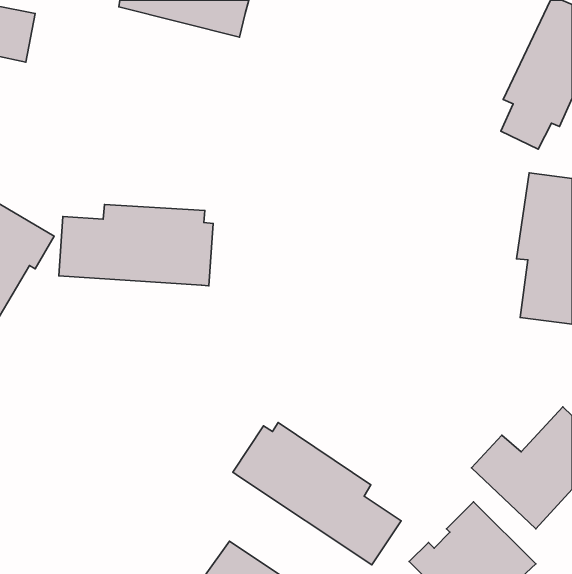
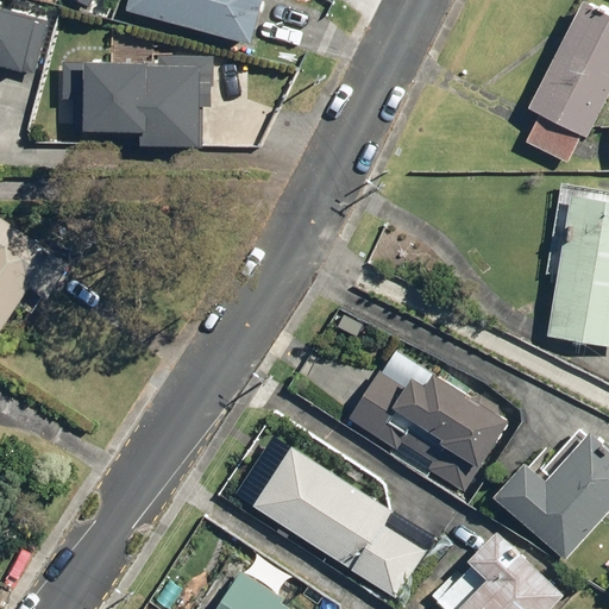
building: none -> [49,61,212,136]
building: [59,204,213,286] -> none
building: none -> [366,368,513,488]

